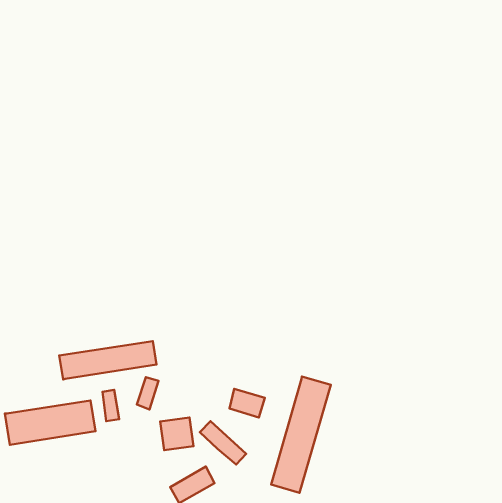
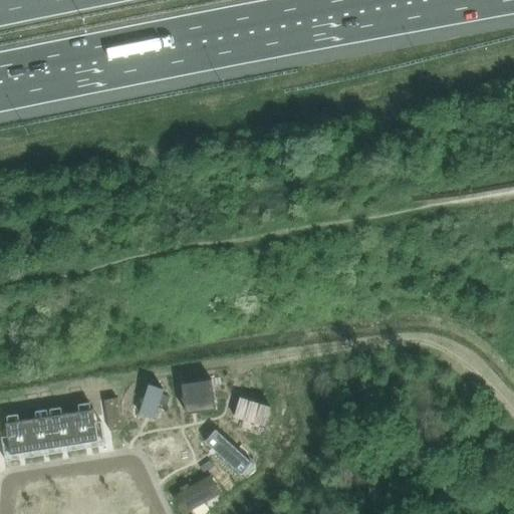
building: [59,341,156,380] -> none
building: [271,376,331,493] -> none
building: [160,418,194,450] -> [181,379,215,413]

